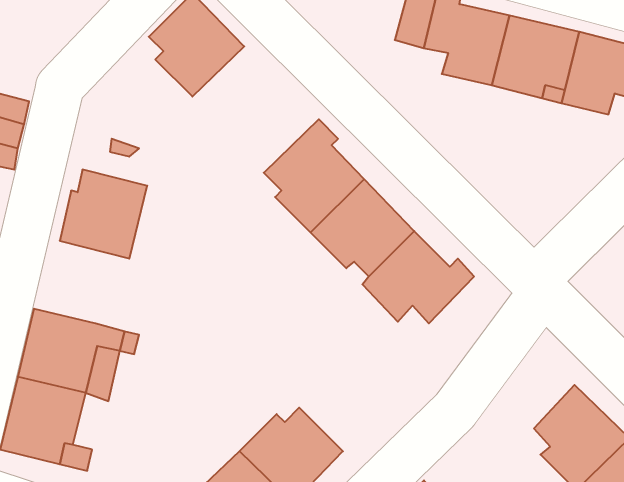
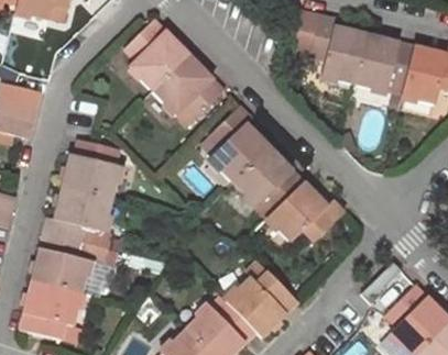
building: none -> [152,56,222,119]
building: none -> [44,188,109,244]
building: none -> [225,271,296,336]

